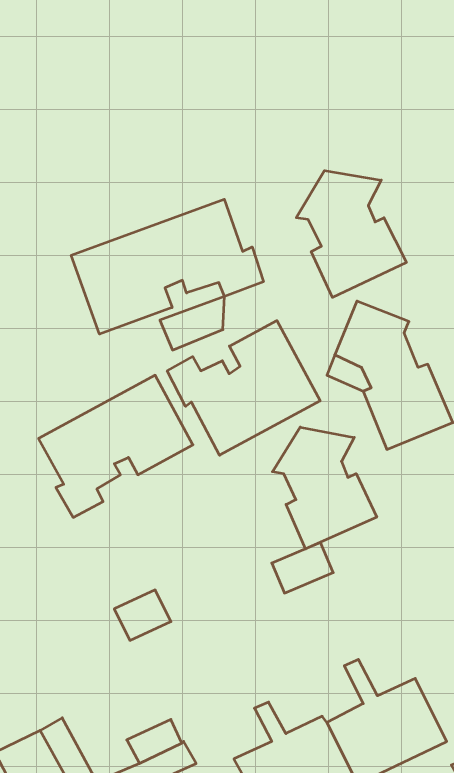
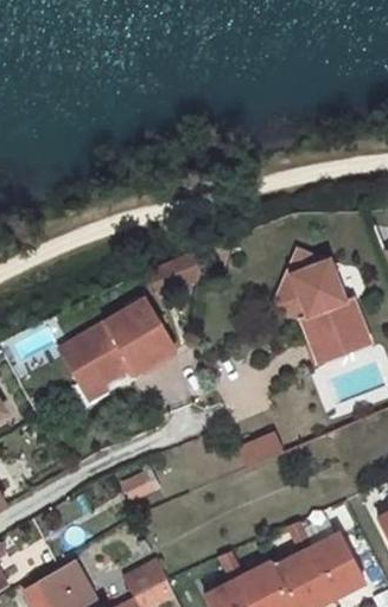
building: [296,171,406,297] -> none
building: [71,199,263,334] -> none
building: [167,321,320,455] -> none
building: [272,427,377,549] -> none

